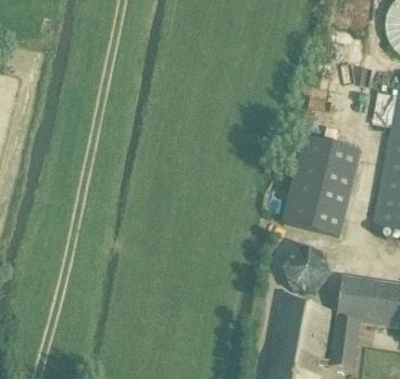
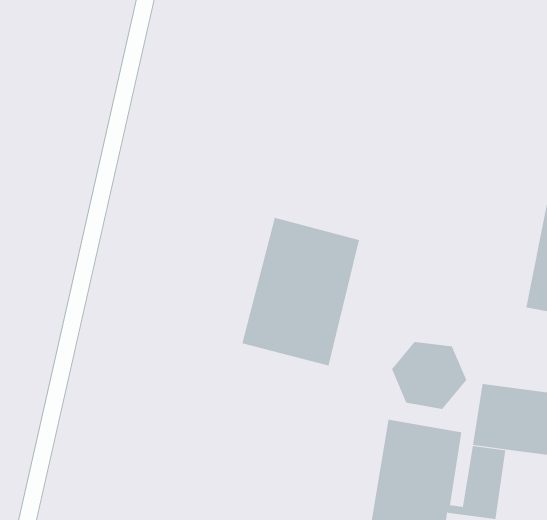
building: [283,136,362,236] -> [242,217,360,366]

